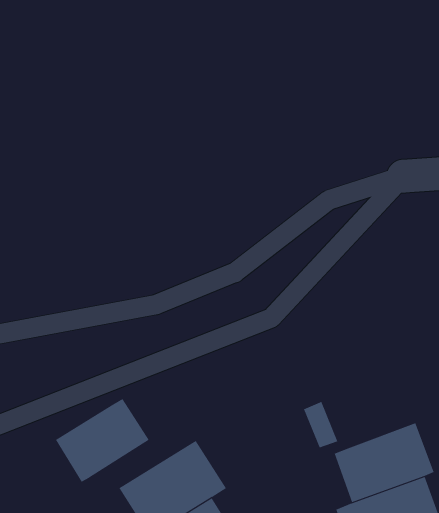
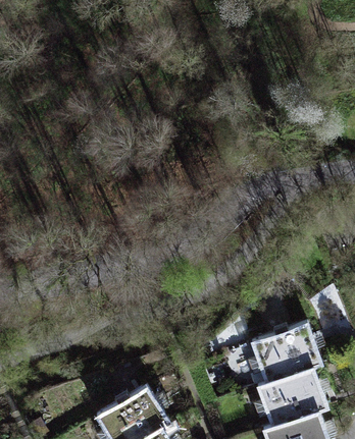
building: none -> [252,317,331,383]
building: [55,398,150,483] -> none

